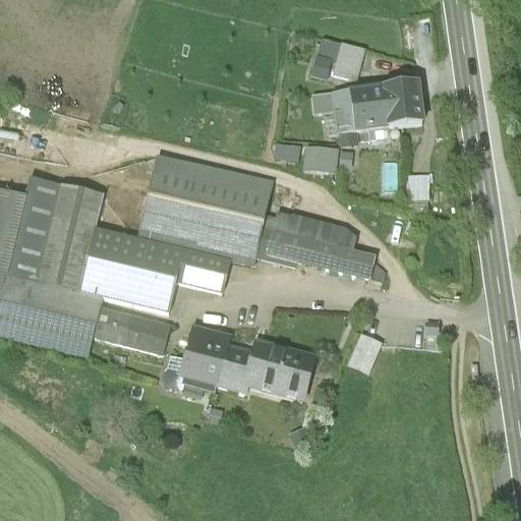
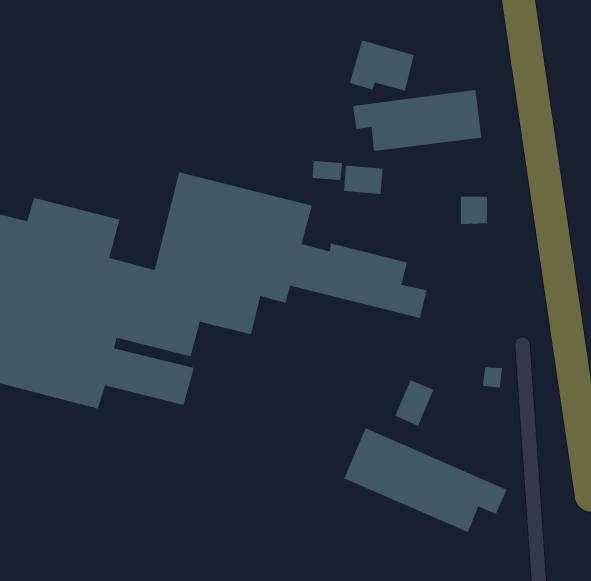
building: [162,325,316,403] -> none
building: none -> [343,427,508,533]

